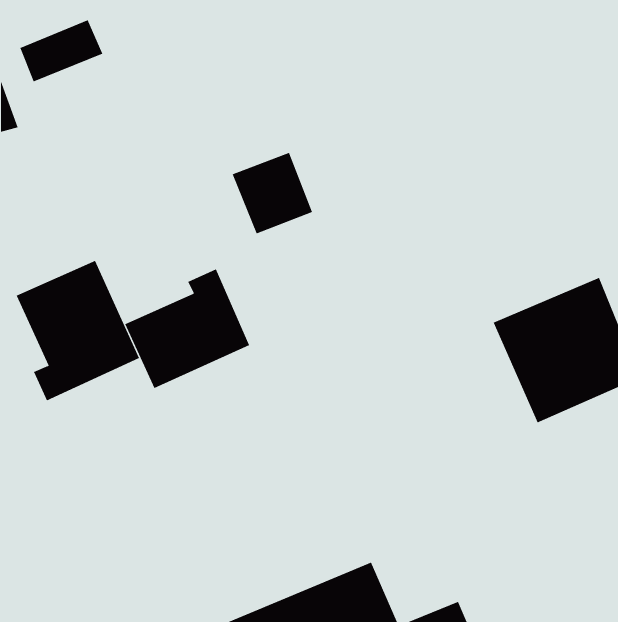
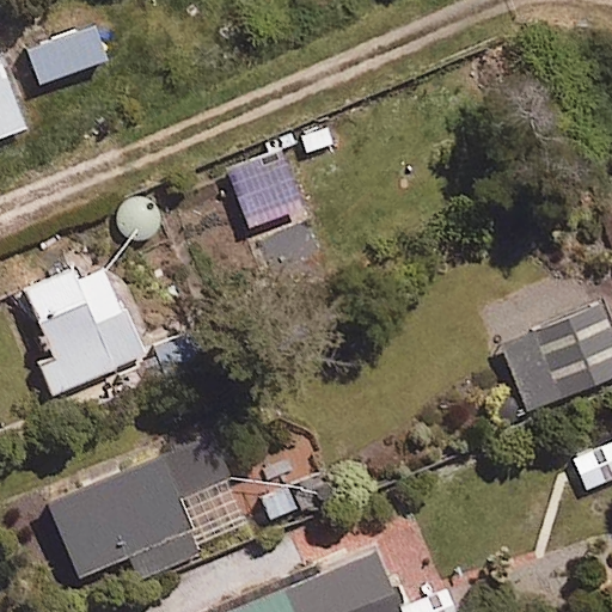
building: [124,269,250,389] -> none
building: none -> [45,435,251,581]

